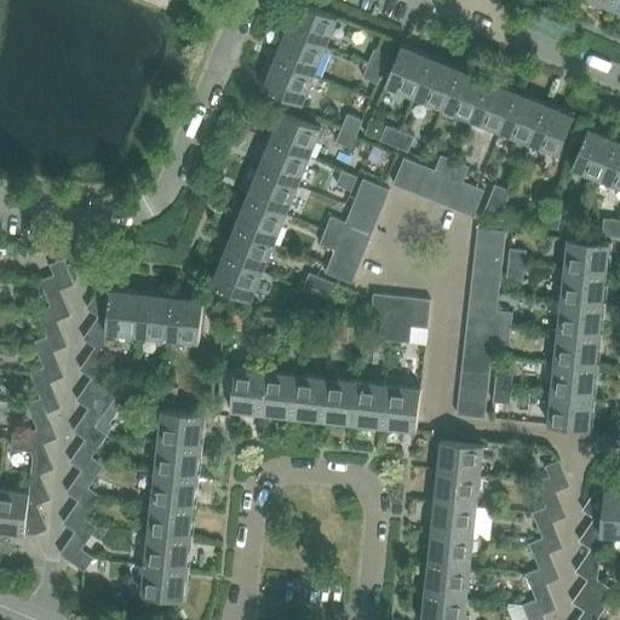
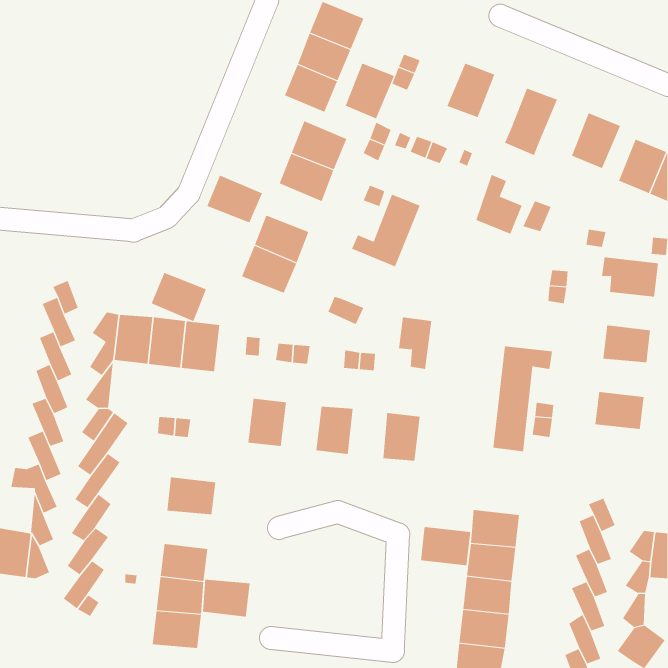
building: [384,47,430,99] -> [345,63,395,119]
building: [442,70,487,122] -> none
building: [499,93,544,145] -> none
building: [392,157,454,205] -> none
building: [246,171,298,216] -> [207,175,263,223]
building: [466,230,512,326] -> none
building: [318,231,366,285] -> none
building: [211,257,263,303] -> [151,272,207,322]
building: [561,271,605,306] -> none
building: [394,298,430,344] -> none
building: [553,333,598,368] -> none
building: [260,373,297,418] -> none
building: [322,379,357,425] -> none
building: [384,386,420,431] -> none
building: [547,394,592,430] -> none
building: [157,411,202,447] -> none
building: [437,441,484,477] -> [420,527,471,566]
building: [151,473,196,509] -> [202,579,250,617]

